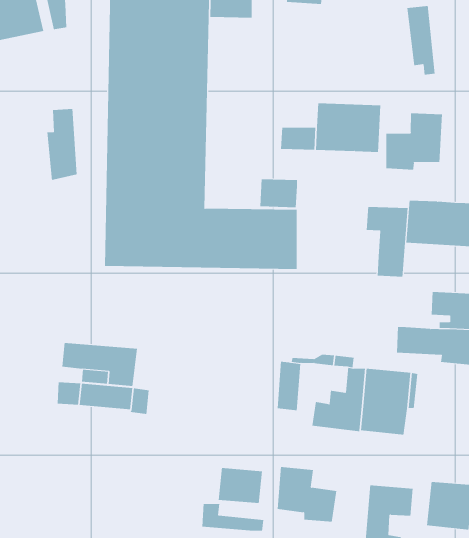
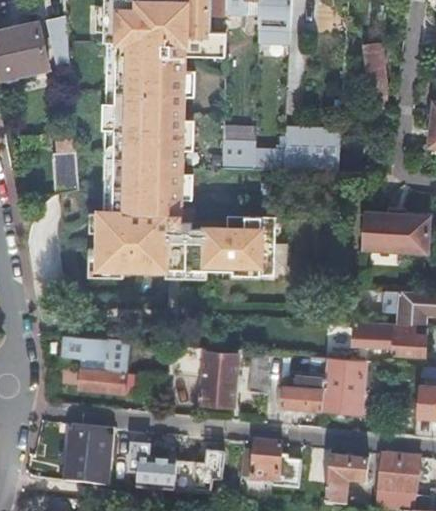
building: [386,113,443,171] -> none
building: [260,179,298,208] -> [221,143,254,168]
building: [366,206,408,278] -> none
building: none -> [172,344,238,408]
building: none -> [67,425,114,487]
building: none -> [125,442,173,487]

